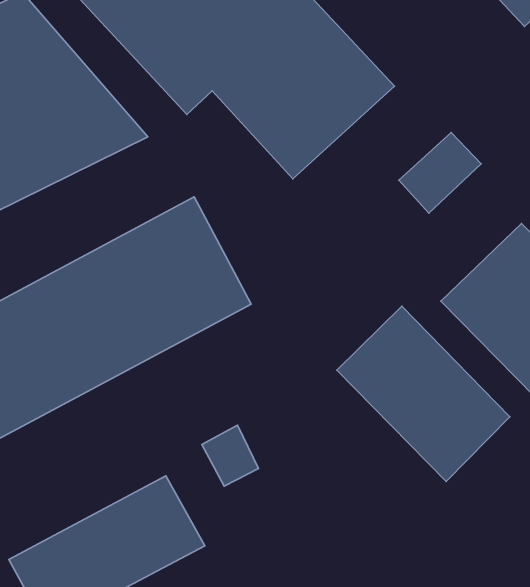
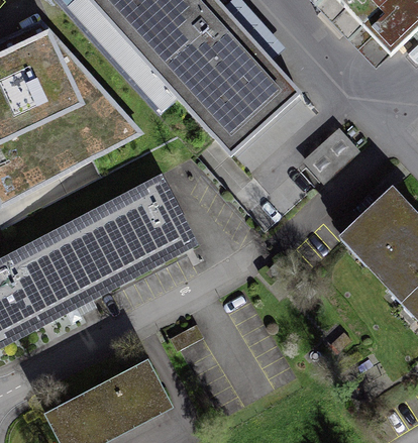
building: [337,306,510,481] -> none

